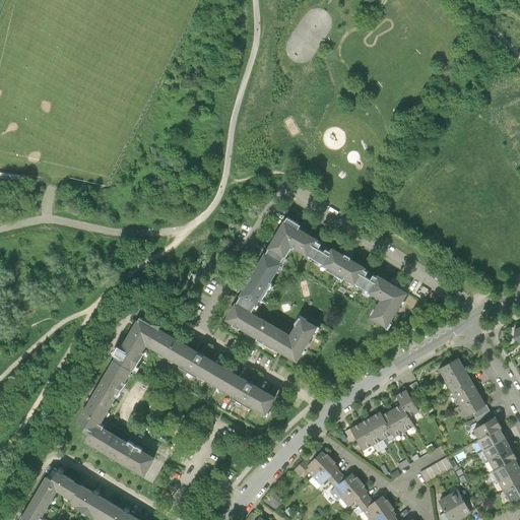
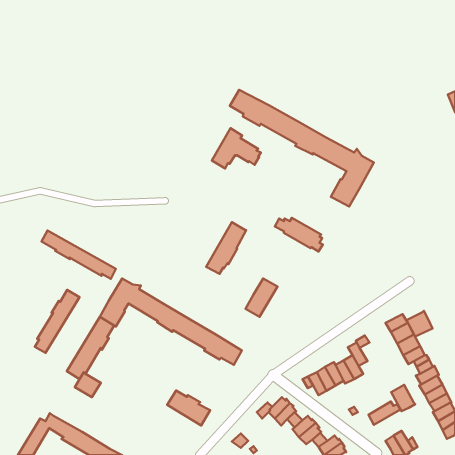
building: none -> [230,90,374,206]
building: [264,216,320,262] -> [212,128,261,168]
building: none -> [42,230,116,279]
building: [363,275,406,327] -> none
building: [225,304,288,351] -> none
building: none -> [35,290,79,353]
building: none -> [406,311,432,337]
building: [105,436,153,475] -> [167,391,210,425]
building: none -> [391,385,415,411]

